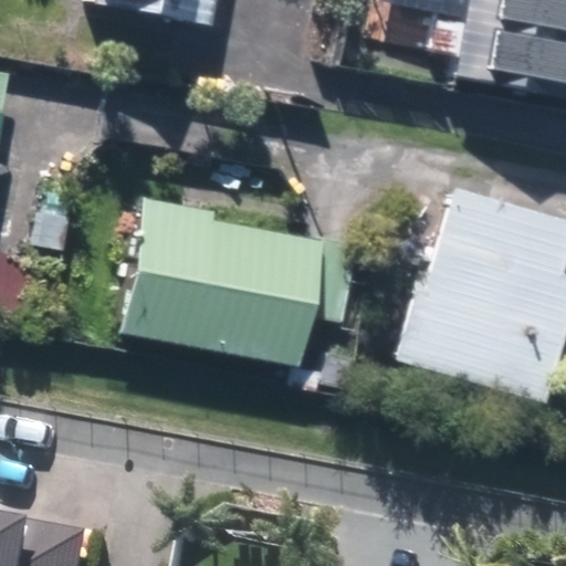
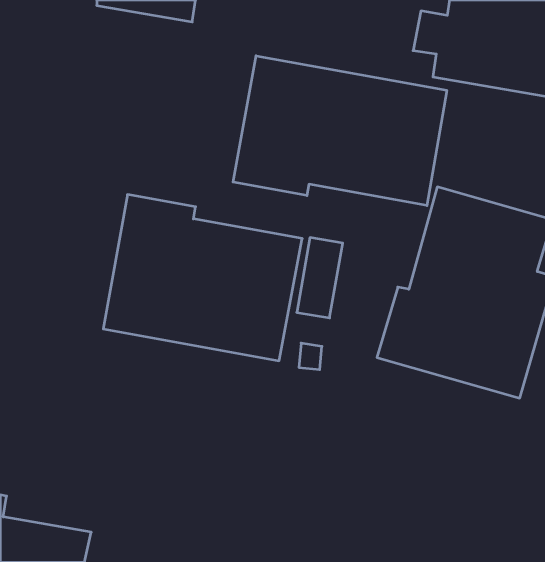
building: none -> [233,56,447,206]

